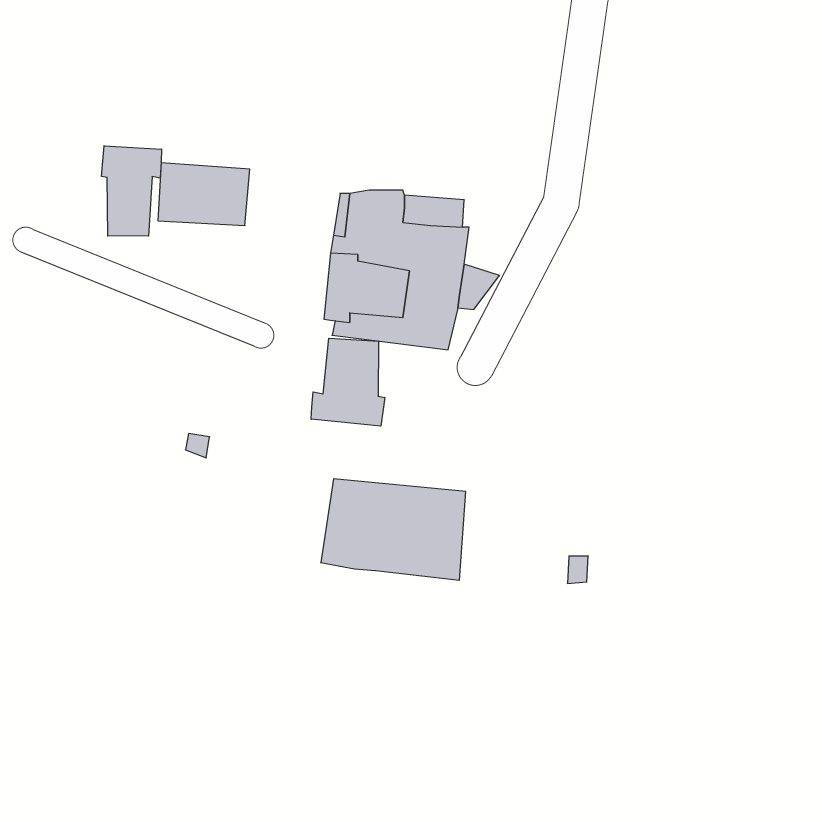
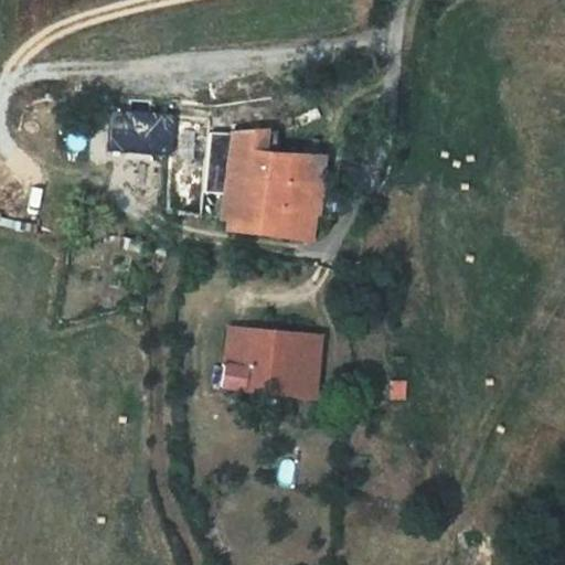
building: [102,146,161,236] -> none
building: [311,338,385,426] -> none

